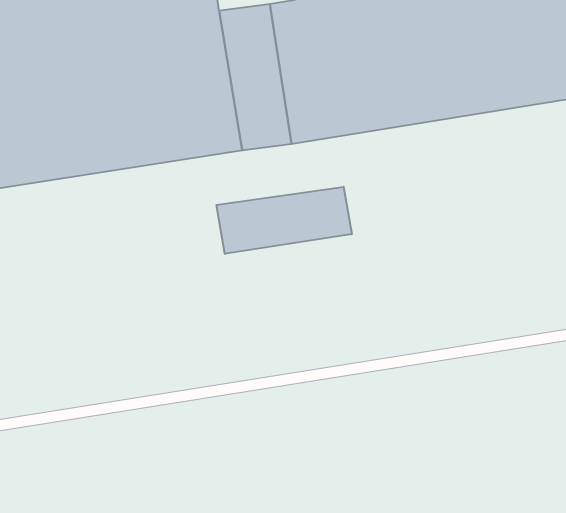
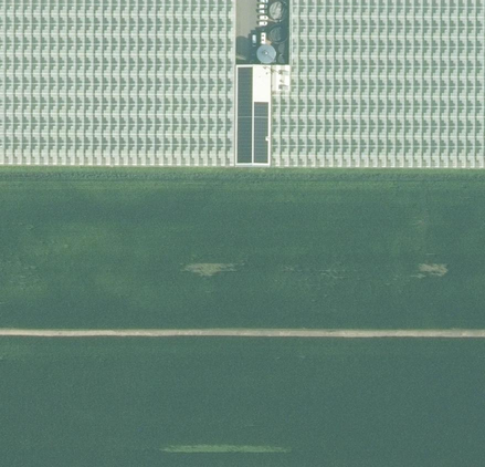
building: [216,187,352,254] -> none

